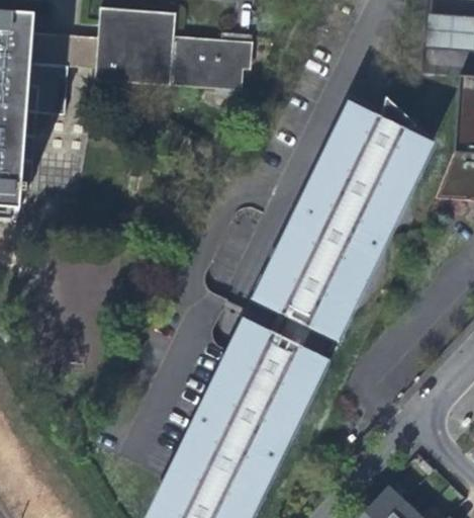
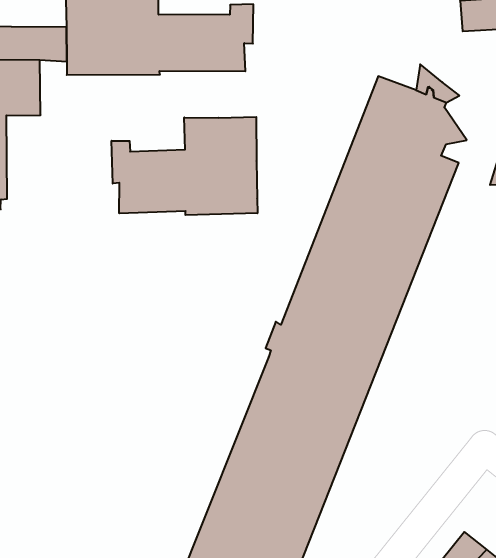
building: none -> [112,117,257,215]

